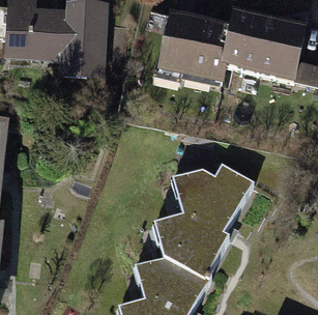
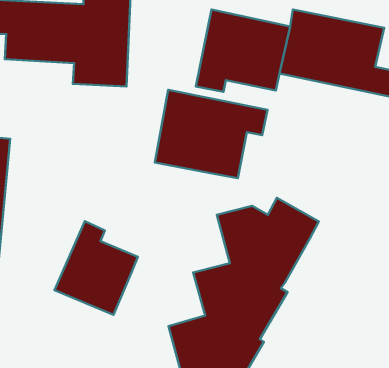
building: none -> [155,90,268,178]
building: none -> [55,221,138,315]

